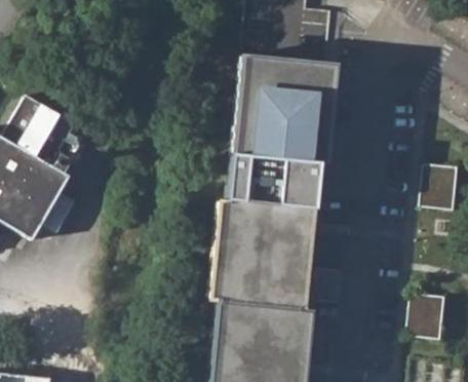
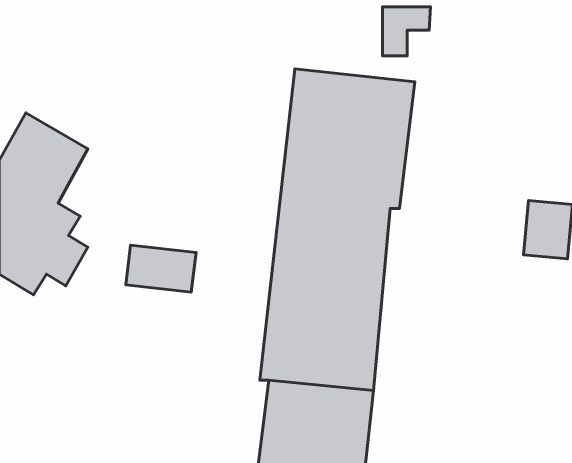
building: none -> [126,245,196,292]
building: [408,294,447,340] -> none

